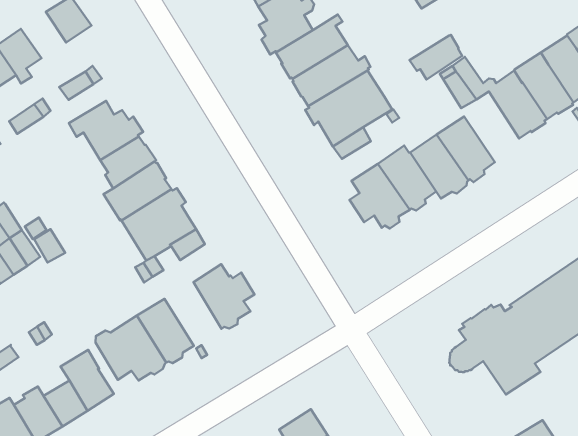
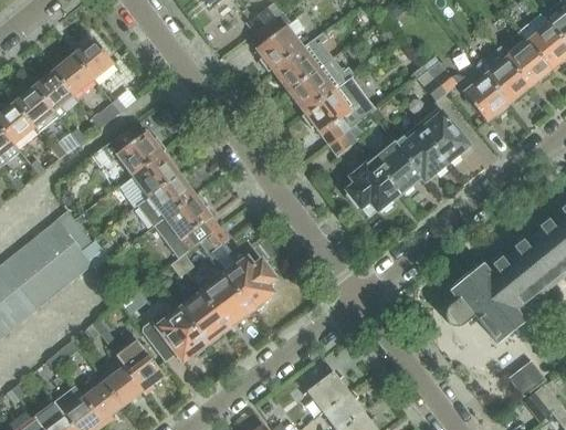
building: none -> [53,55,93,95]
building: [409,35,462,79] -> none
building: none -> [198,273,249,327]

